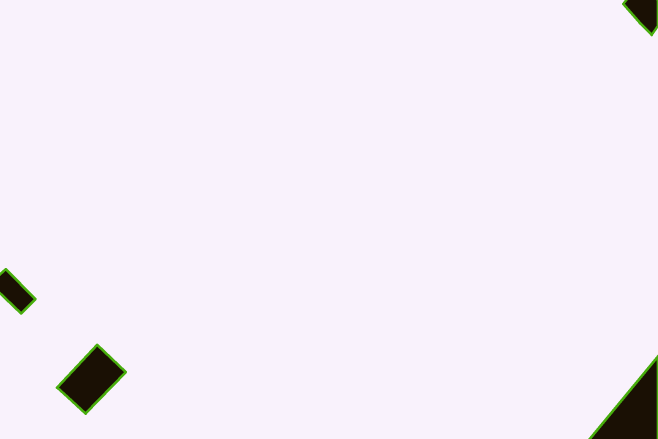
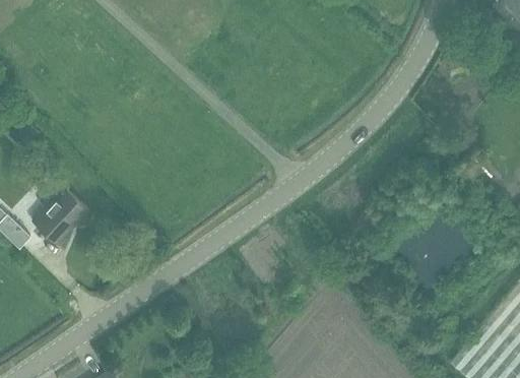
building: [57,345,126,414] -> [32,188,86,242]

